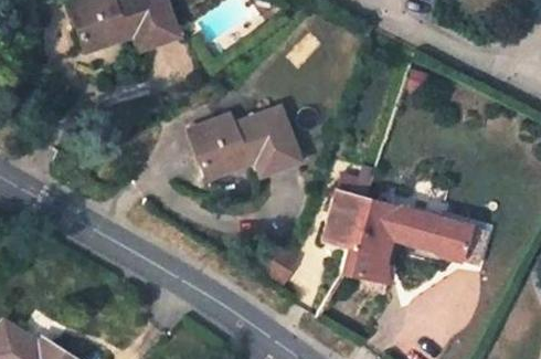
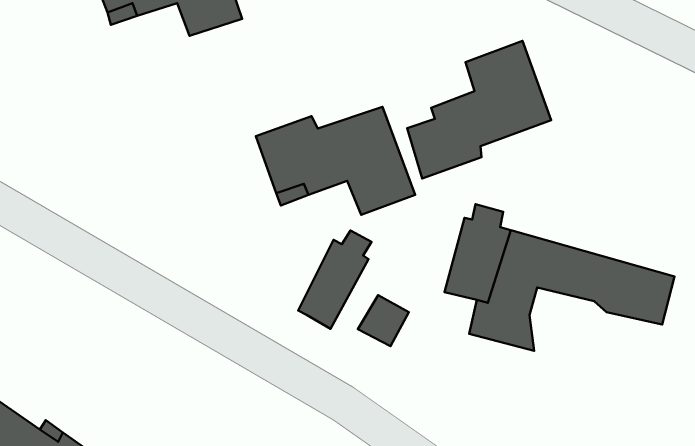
building: none -> [407,41,551,178]
building: none -> [298,230,372,329]

